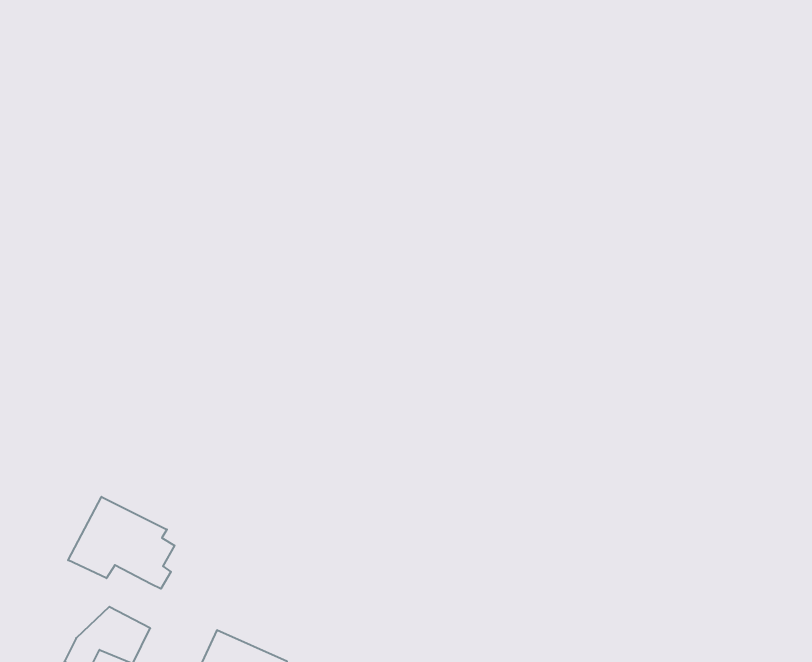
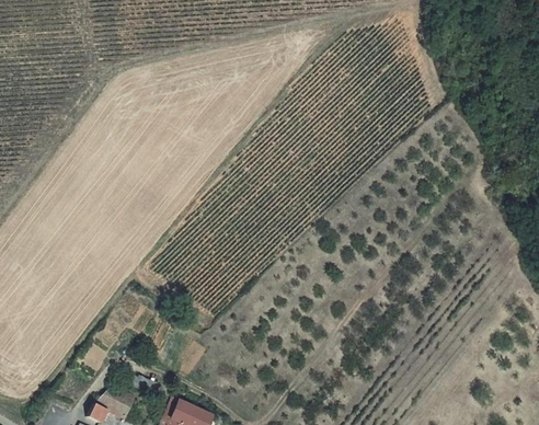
building: [68,497,175,589] -> none

